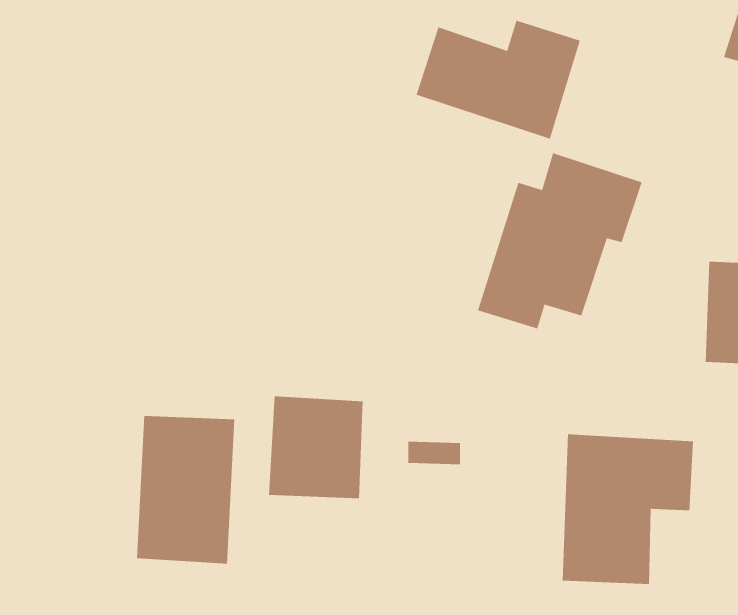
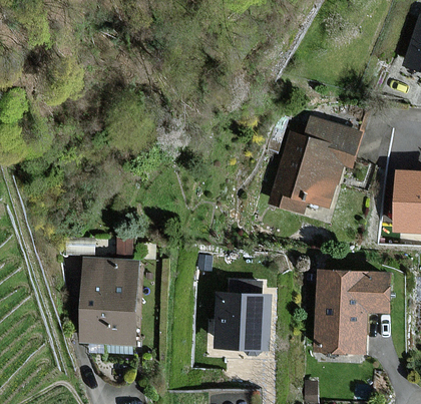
building: [416,20,580,140] -> none
building: [268,396,364,499] -> [216,293,268,349]

